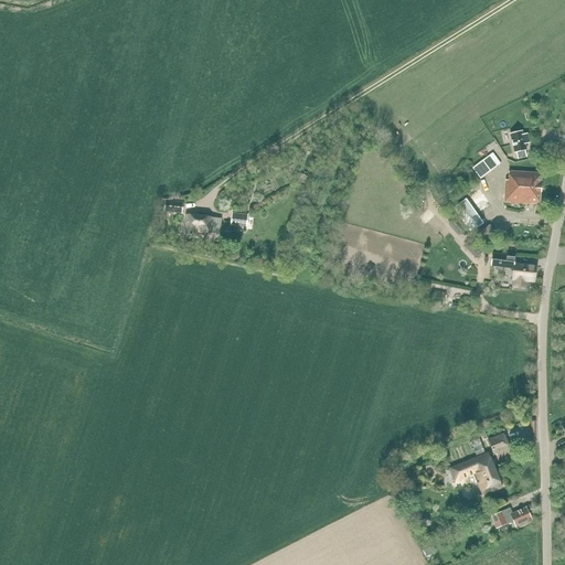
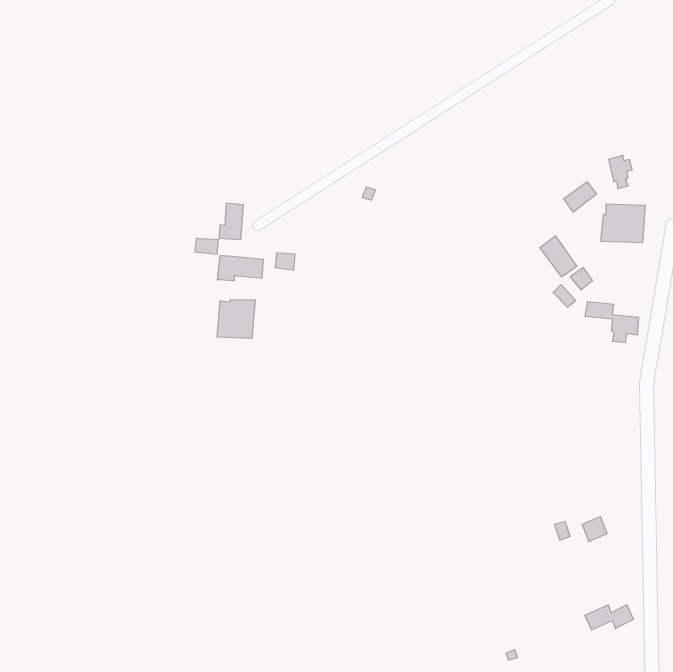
building: none -> [219,203,243,240]
building: none -> [217,299,255,339]
building: [449,452,501,494] -> none

